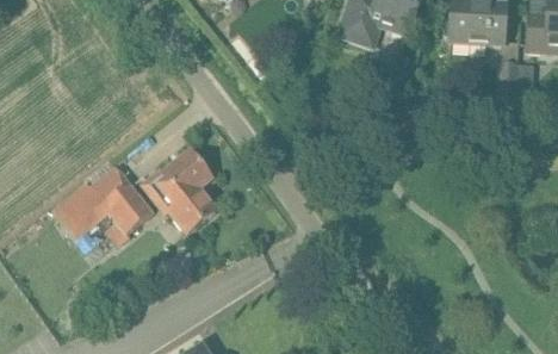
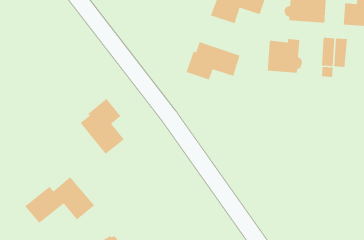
building: none -> [267,38,303,73]
building: none -> [186,41,241,81]
building: [52,169,154,237] -> [24,176,95,224]

